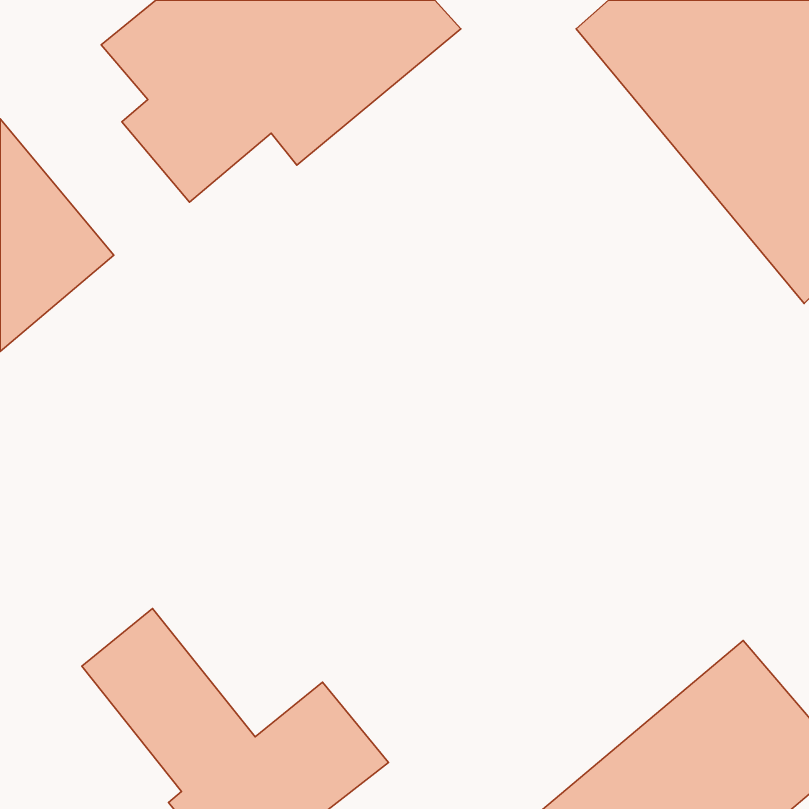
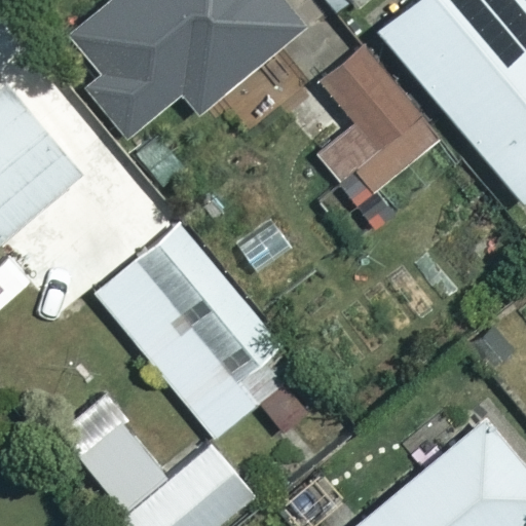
building: none -> [284,48,450,205]
building: none -> [98,229,293,439]

